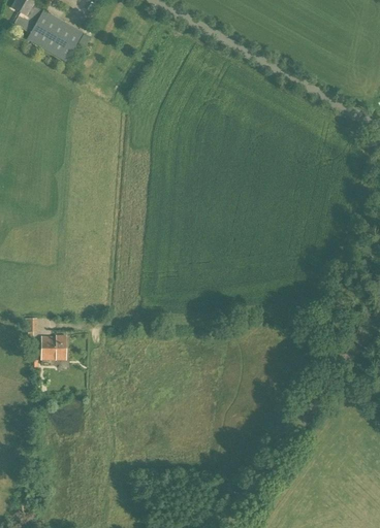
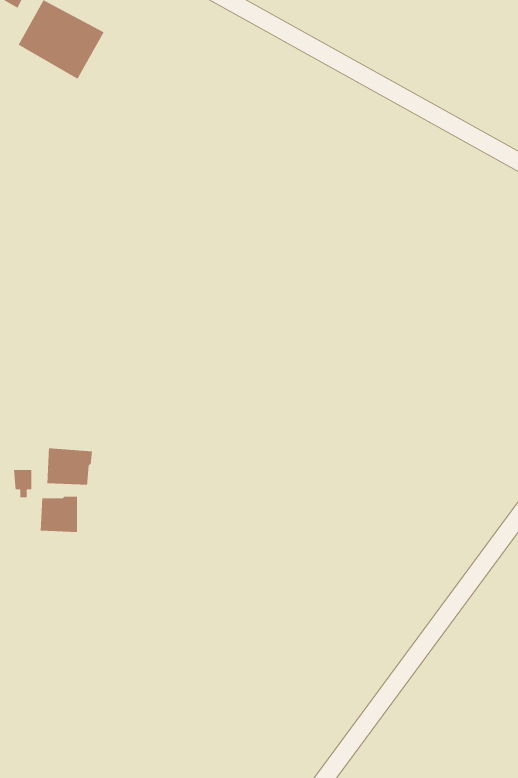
building: none -> [47,448,93,485]

